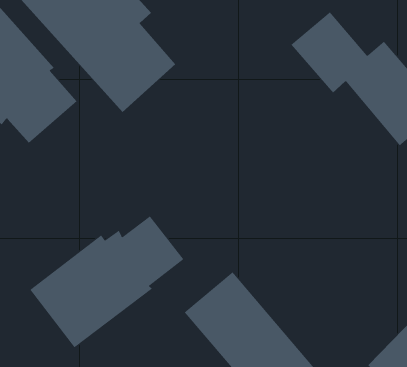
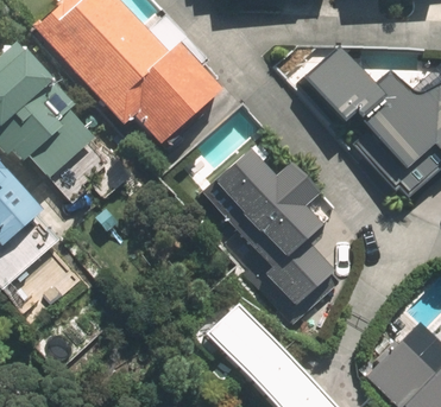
building: none -> [215,152,333,307]
building: [29,216,184,348] -> none

